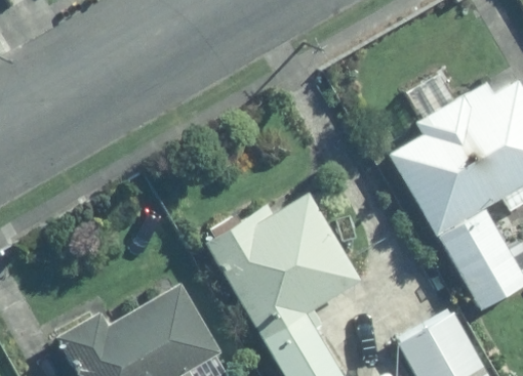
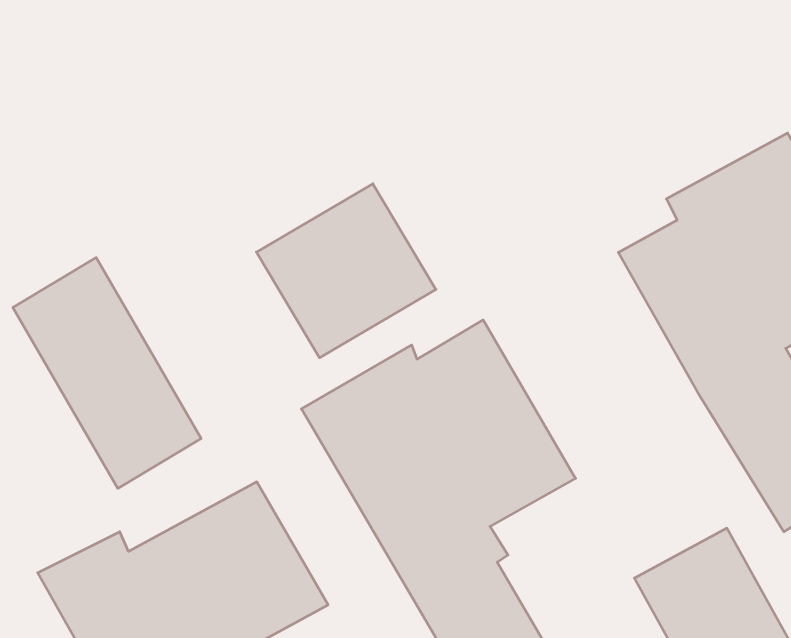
building: none -> [256,184,436,358]
building: none -> [13,258,201,488]

